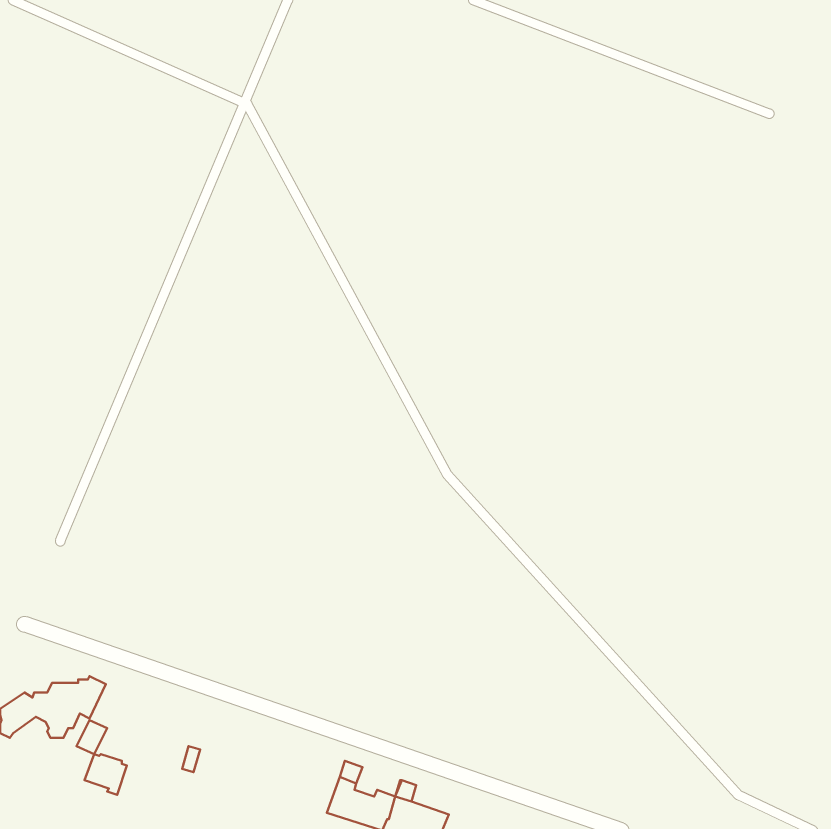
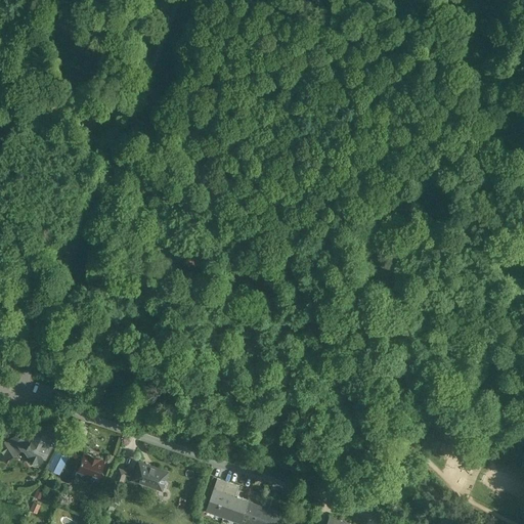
building: none -> [133,464,168,488]
building: [85,754,127,795] -> [78,455,104,481]

